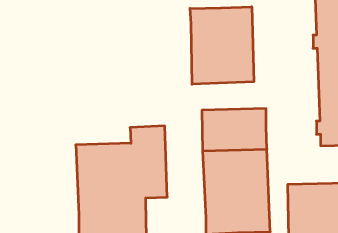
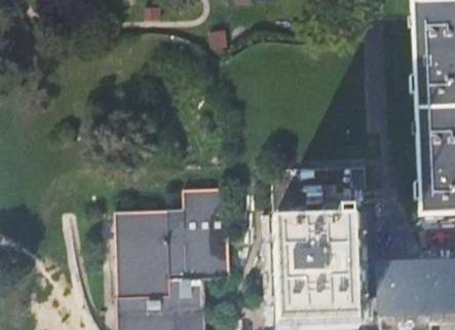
building: [190,7,254,84] -> none

